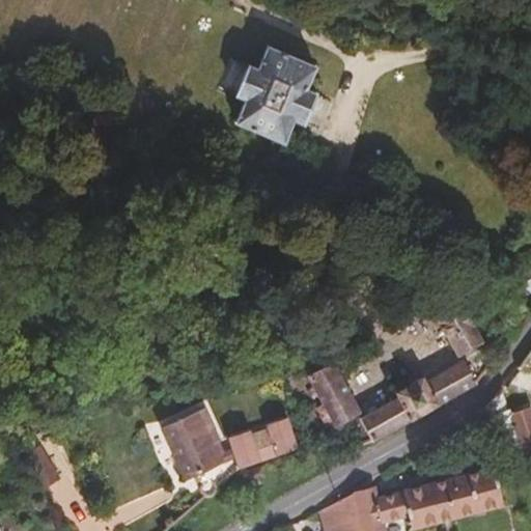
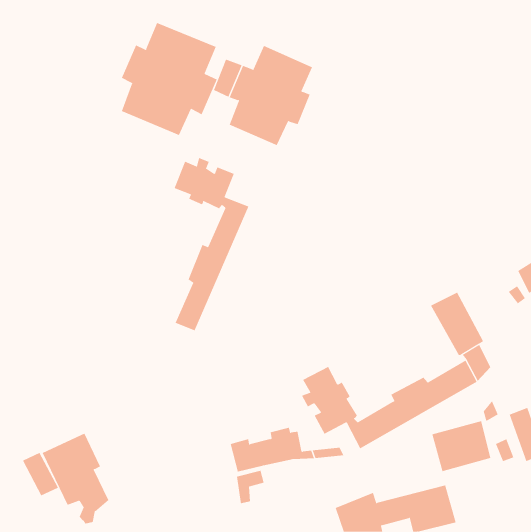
building: none -> [121,22,217,136]
building: none -> [174,157,249,331]
building: [165,408,231,498] -> [42,433,109,524]
building: [446,466,505,516] -> [431,420,491,472]

